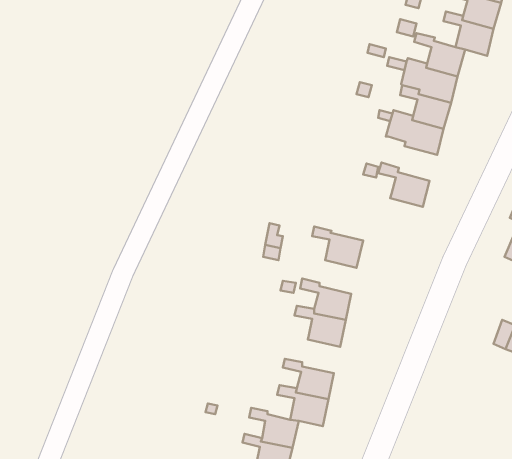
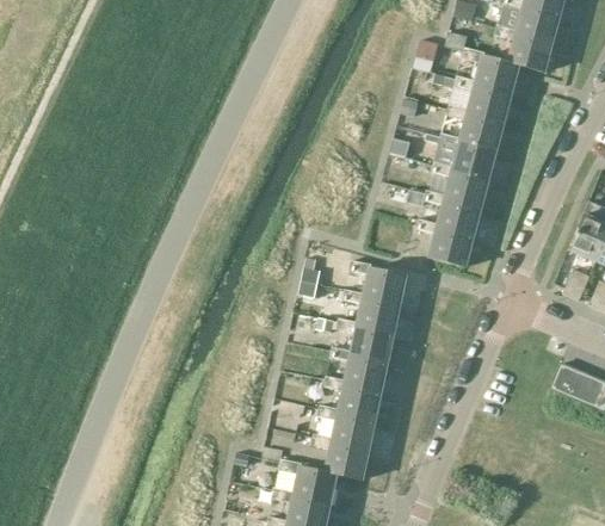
building: none -> [433,161,489,210]
building: none -> [418,218,474,267]
building: none -> [345,287,401,334]
building: none -> [327,376,383,421]

